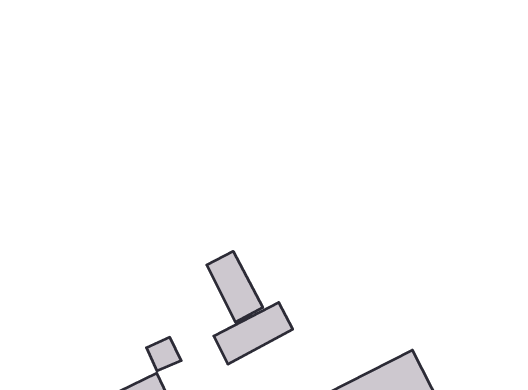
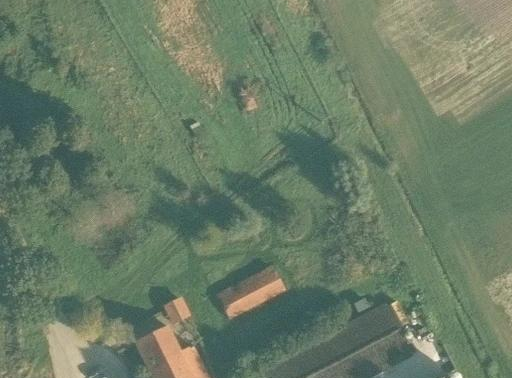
building: [207,251,263,322] -> none

